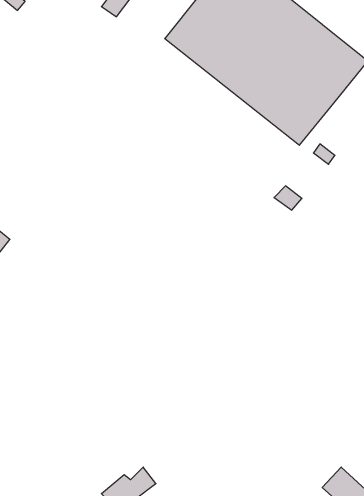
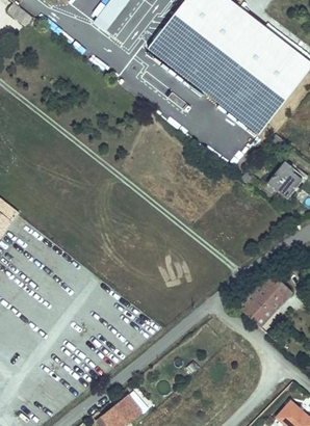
building: none -> [265,161,302,198]
building: none -> [236,271,290,325]

